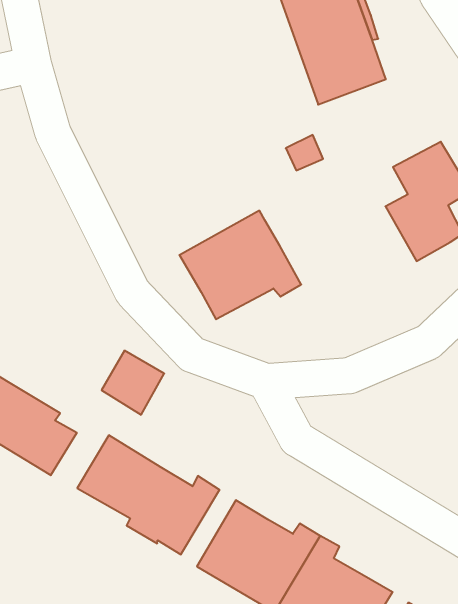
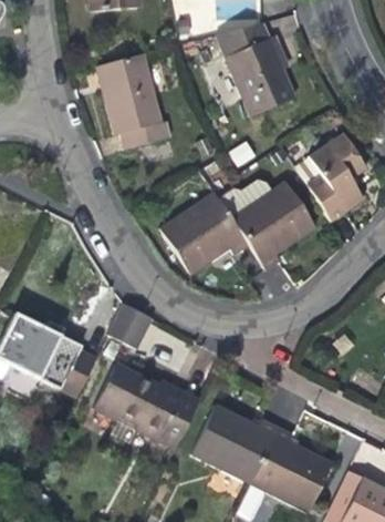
building: none -> [95,54,169,149]
building: none -> [219,180,316,269]

